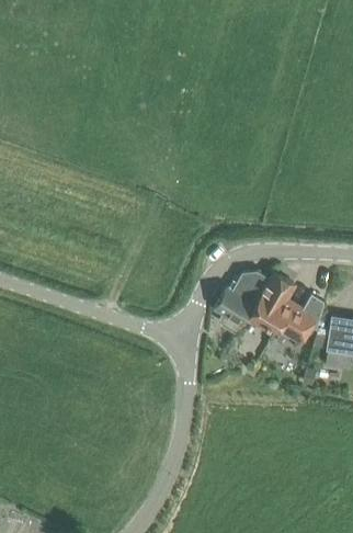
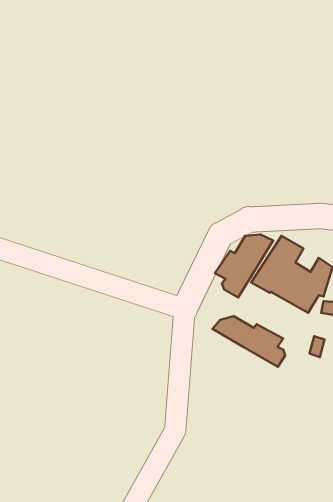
building: none -> [213,316,285,367]

